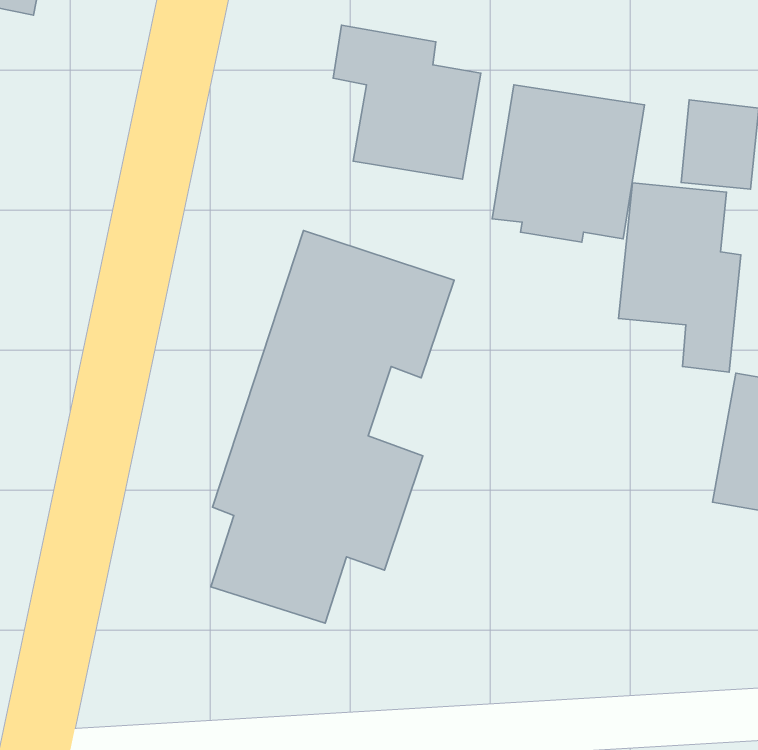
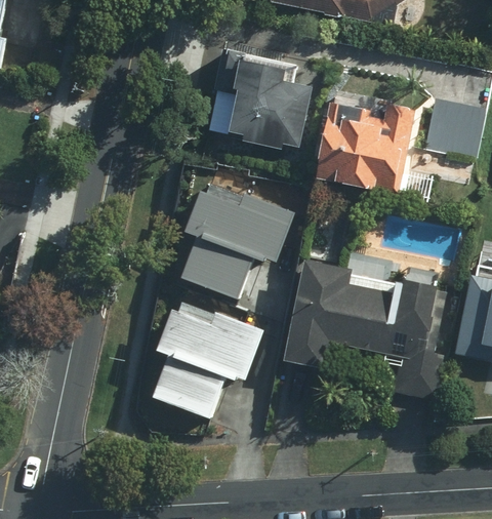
building: [619,183,741,372] -> none
building: none -> [285,256,445,401]

